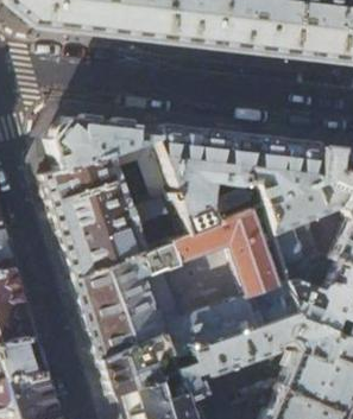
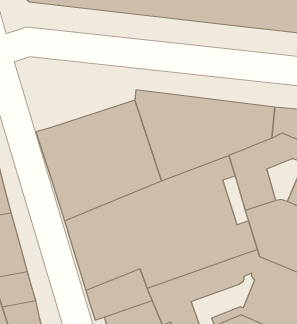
building: [50,118,159,172] -> none

